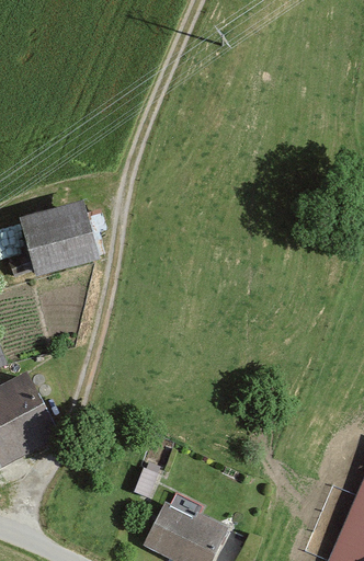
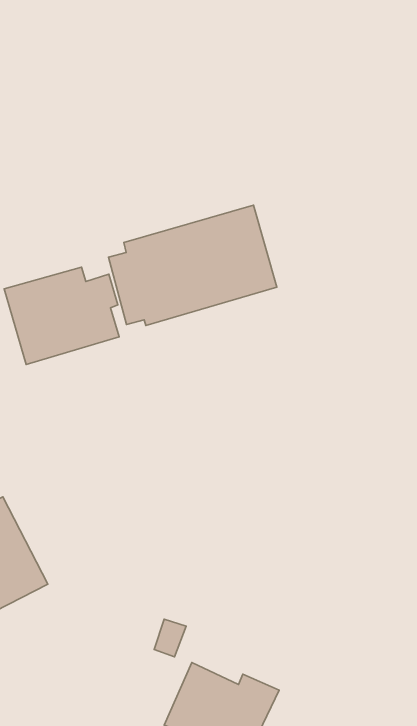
building: none -> [108,205,277,325]

